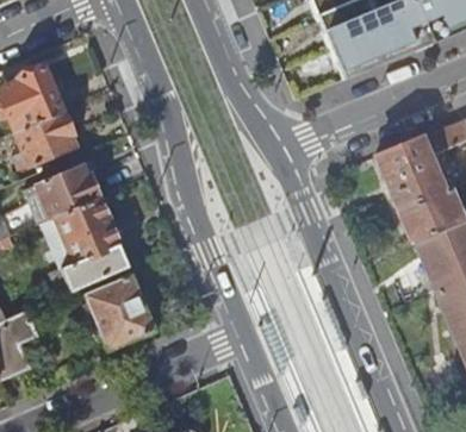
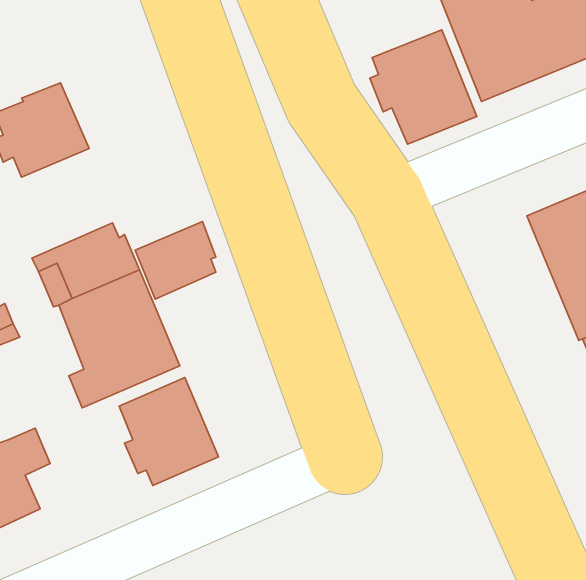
building: none -> [370,30,477,144]
building: [18,109,75,164] -> [135,222,216,299]

